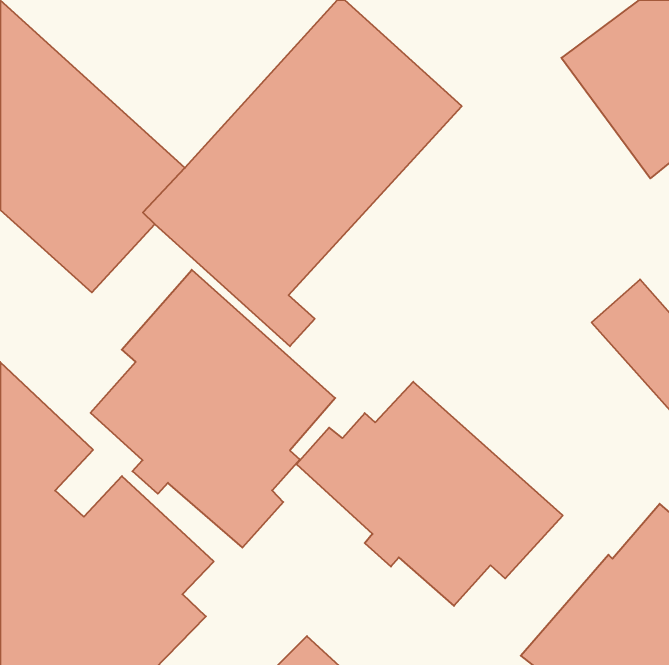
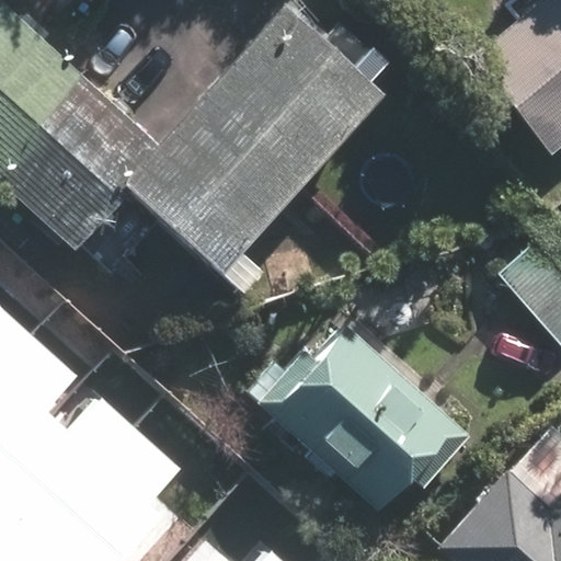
building: [91,270,335,548] -> none

